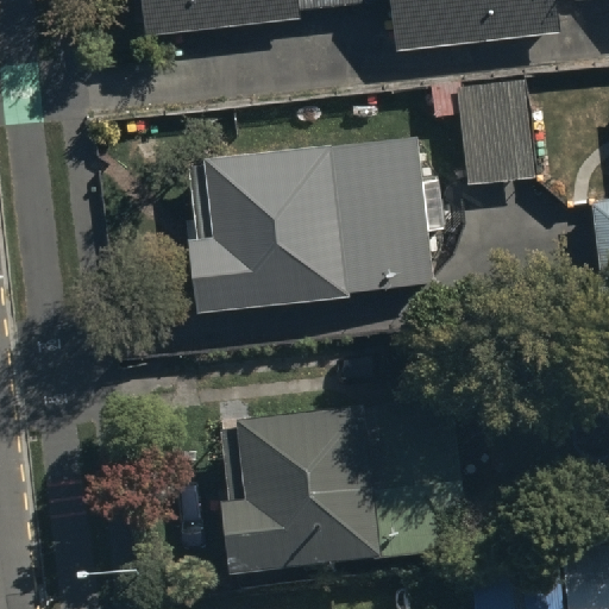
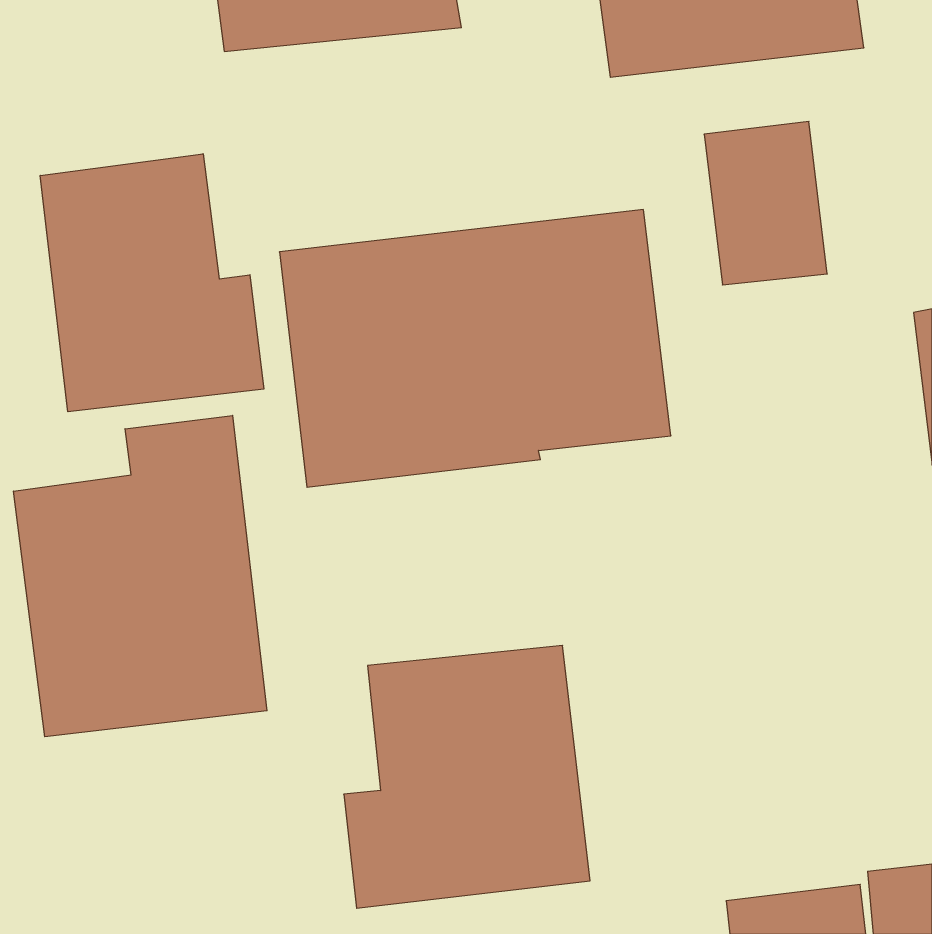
building: none -> [40,154,264,412]
building: none -> [14,415,267,737]

